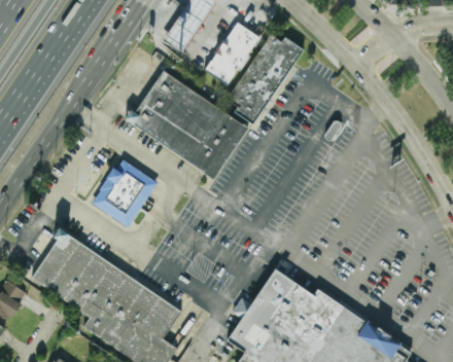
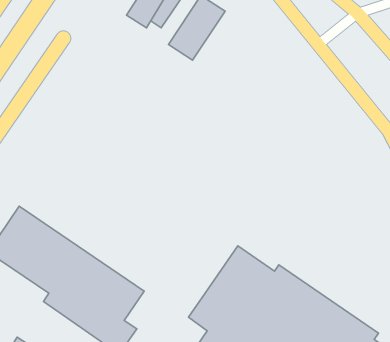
building: [229,34,304,125] -> none
building: [119,66,247,181] -> none
building: [89,157,158,227] -> none

